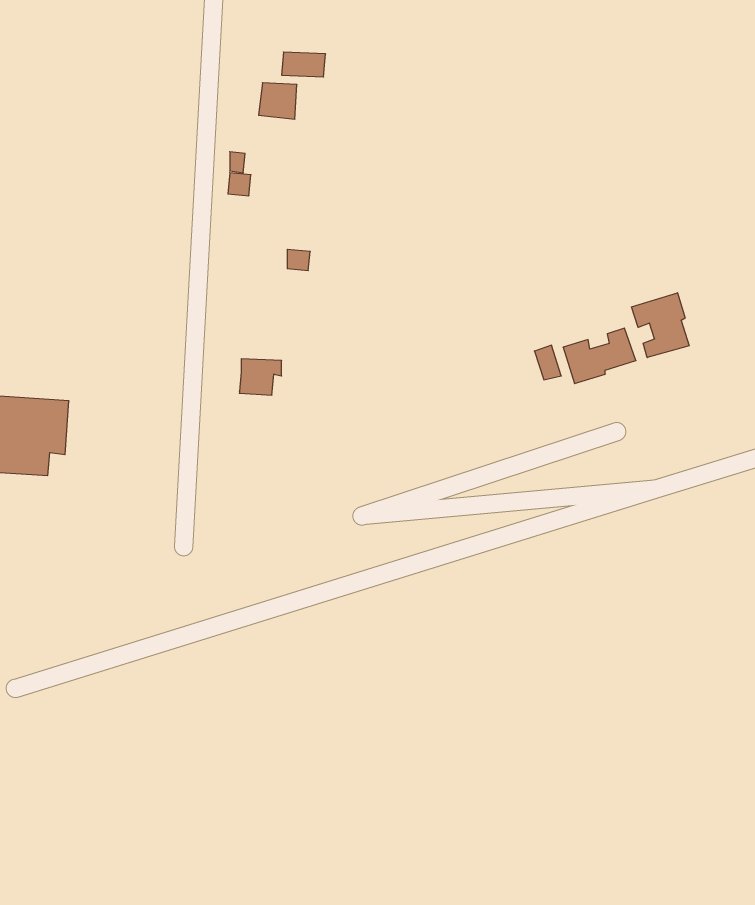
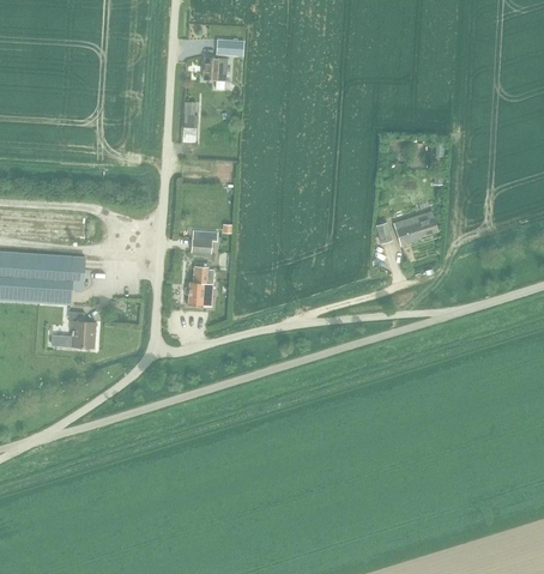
building: [631,293,689,358] -> none
building: none -> [185,266,213,306]
building: none -> [52,310,96,348]

